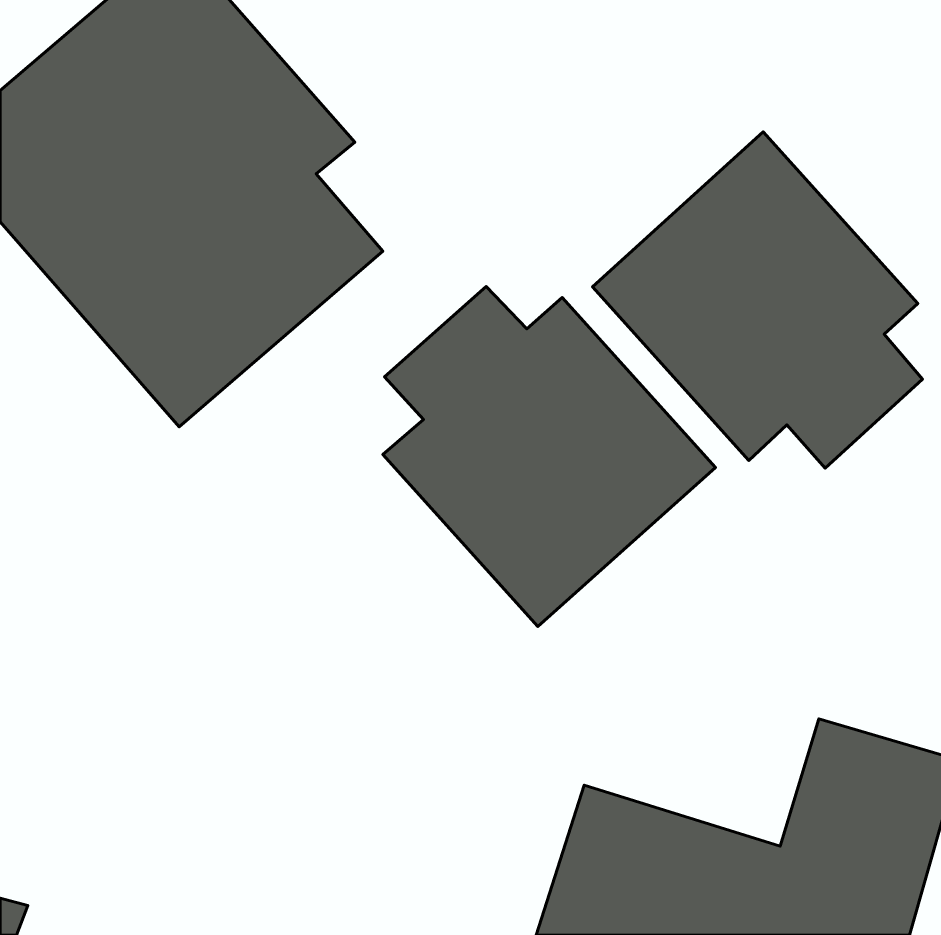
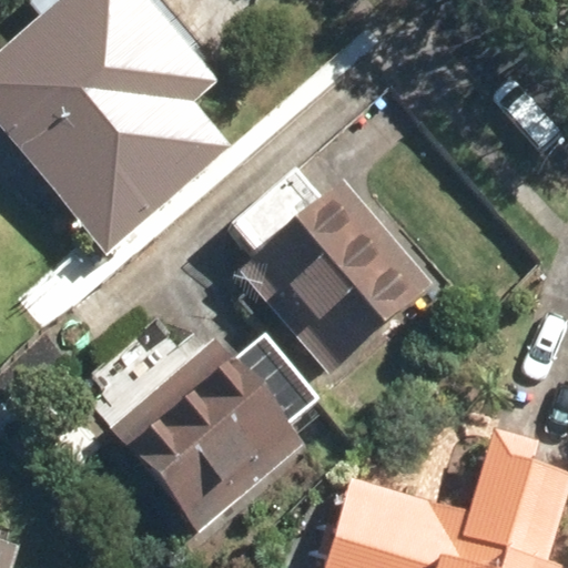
building: [592,132,923,468] -> none
building: none -> [106,334,317,534]

